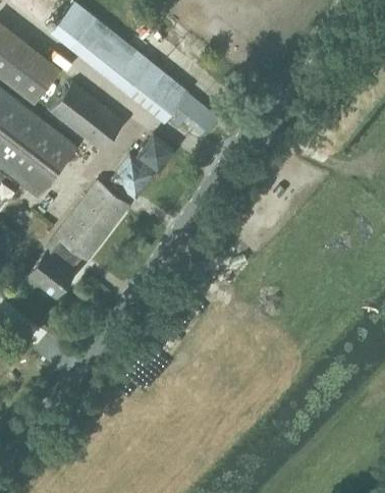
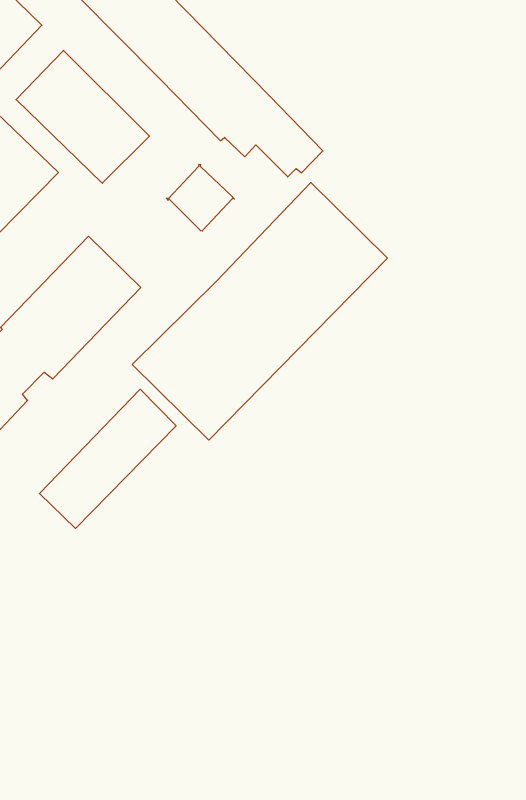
building: none -> [132,183,387,440]
building: [114,157,154,197] -> none
building: none -> [39,389,176,528]

